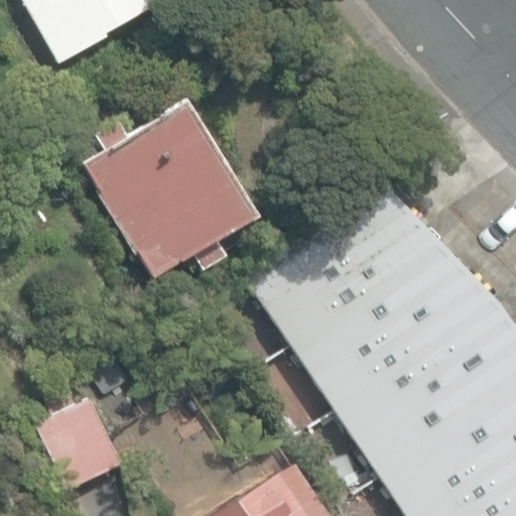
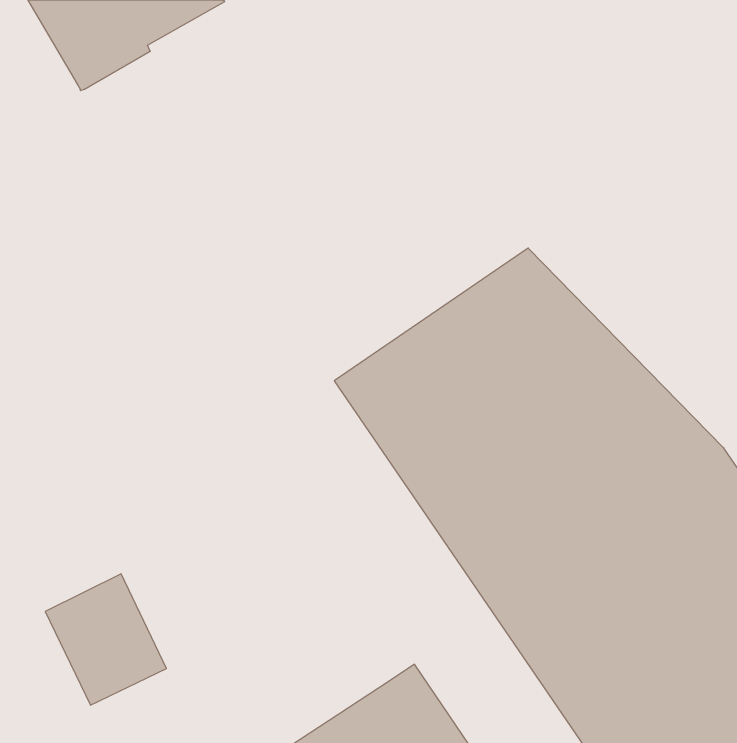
building: [85,105,258,285] -> none

